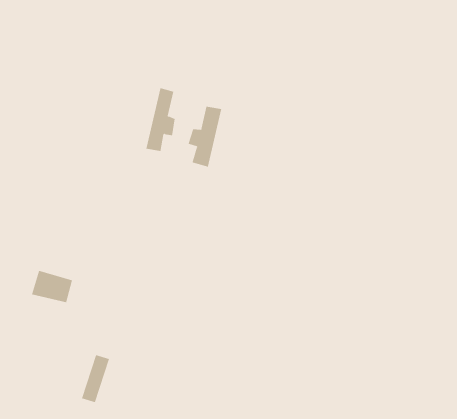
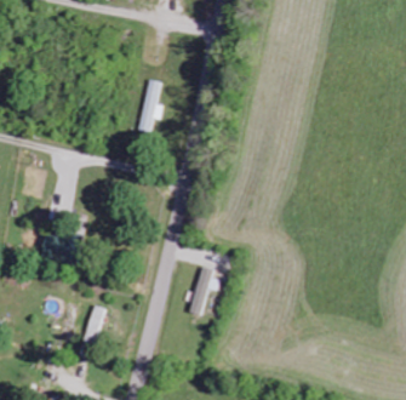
building: [188,106,222,167] -> none
building: none -> [193,267,222,315]

